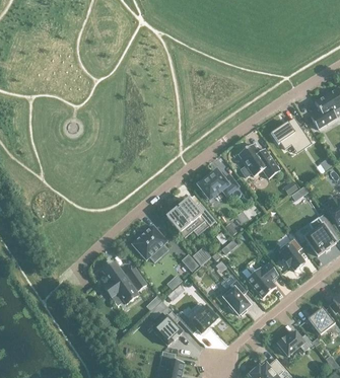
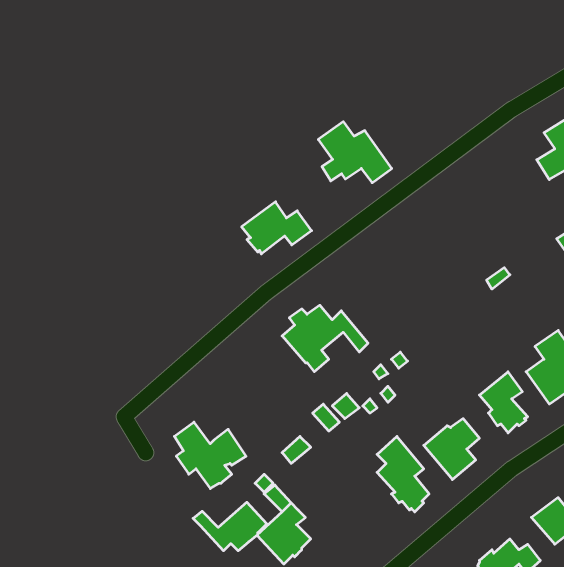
building: [270,117,311,148] -> none
building: [237,143,279,177] -> [318,122,392,183]
building: [197,169,236,199] -> [242,202,312,254]
building: [131,224,166,260] -> none
building: [175,305,216,332] -> [193,502,267,551]

